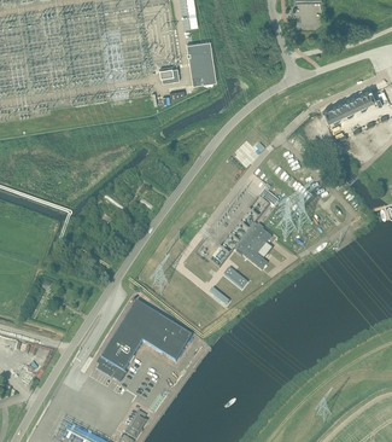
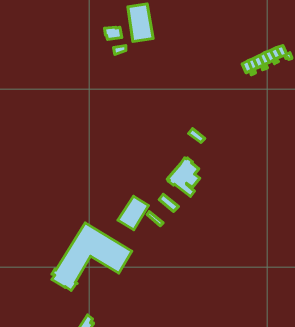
building: none -> [118,196,149,230]

